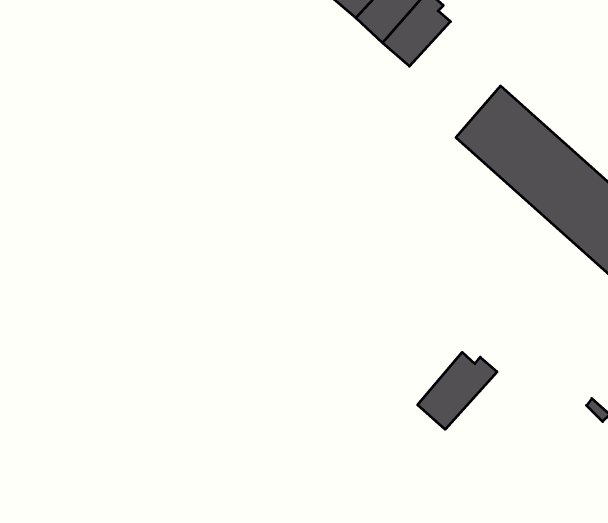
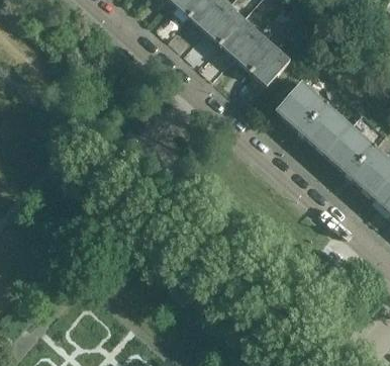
building: none -> [252,41,302,86]
building: [418,352,497,429] -> none

